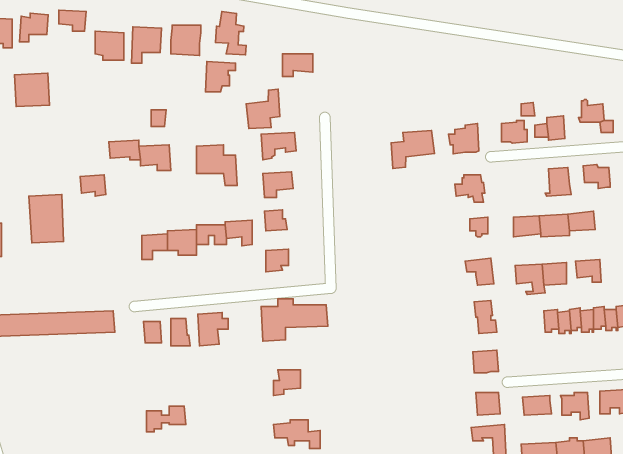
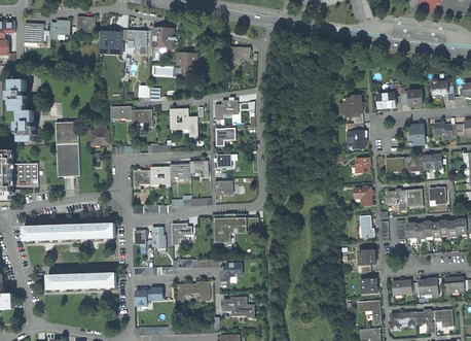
building: [216,12,246,55] -> none
building: [15,73,49,107] -> [55,121,78,143]
building: [246,89,280,129] -> none
building: [391,131,434,168] -> none
building: none -> [46,271,115,288]
building: none -> [177,278,210,301]

